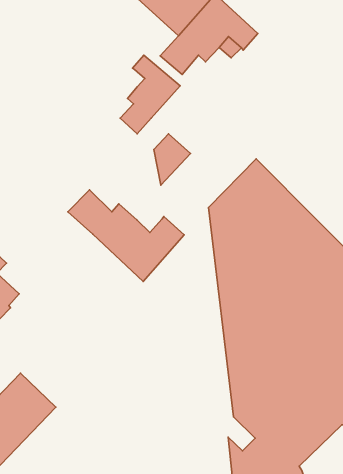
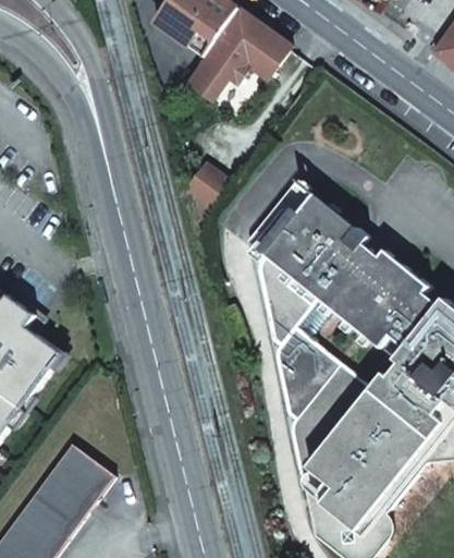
building: [120,55,180,134] -> none
building: [68,190,184,281] -> none

